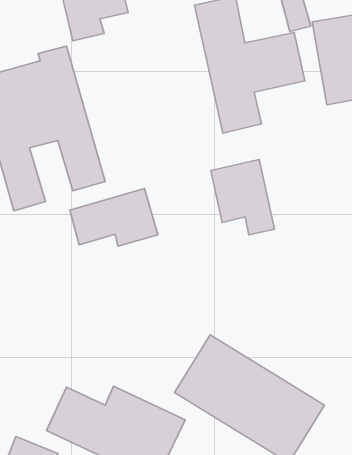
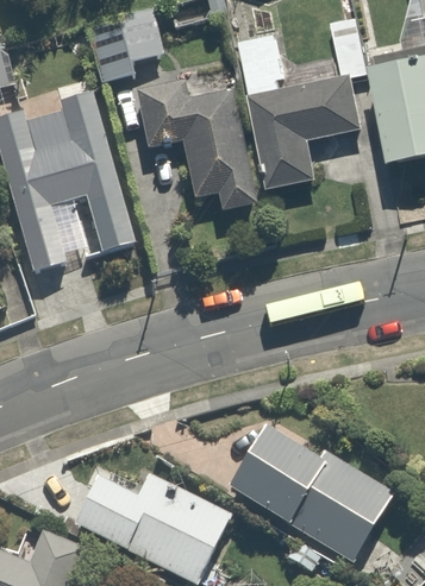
building: none -> [135,65,254,213]
building: [211,159,275,235] -> none
building: [70,189,158,246] -> none

